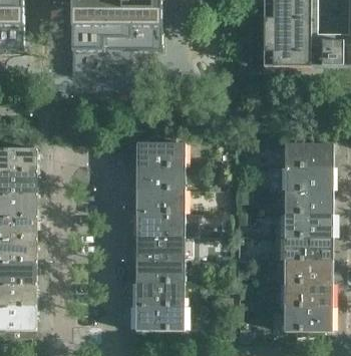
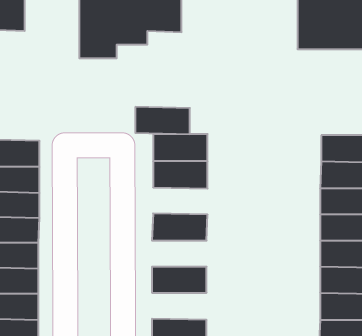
building: [136,189,185,213] -> [135,107,190,134]
building: [135,236,184,259] -> none
building: [135,282,184,306] -> none

